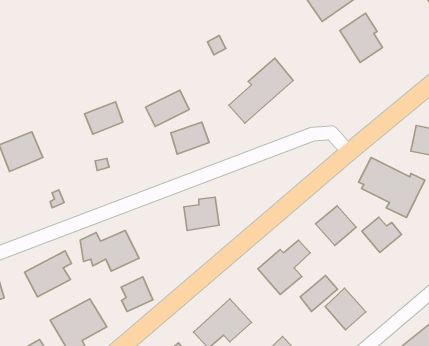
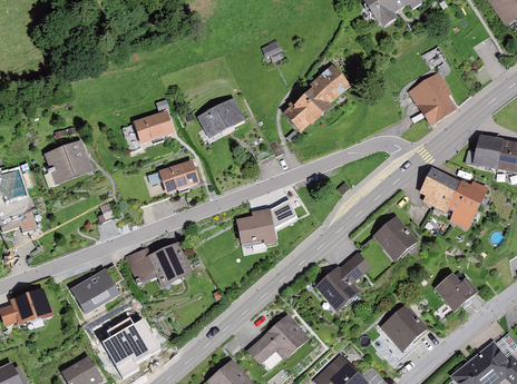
building: [340,13,383,63] -> [410,72,455,124]
building: [171,122,209,154] -> [159,158,199,191]
building: [362,217,401,253] -> [436,273,477,309]
building: [300,275,337,311] -> none
building: [121,277,153,312] -> none

